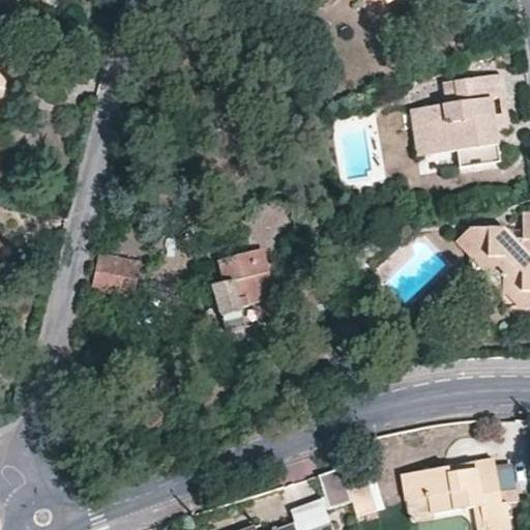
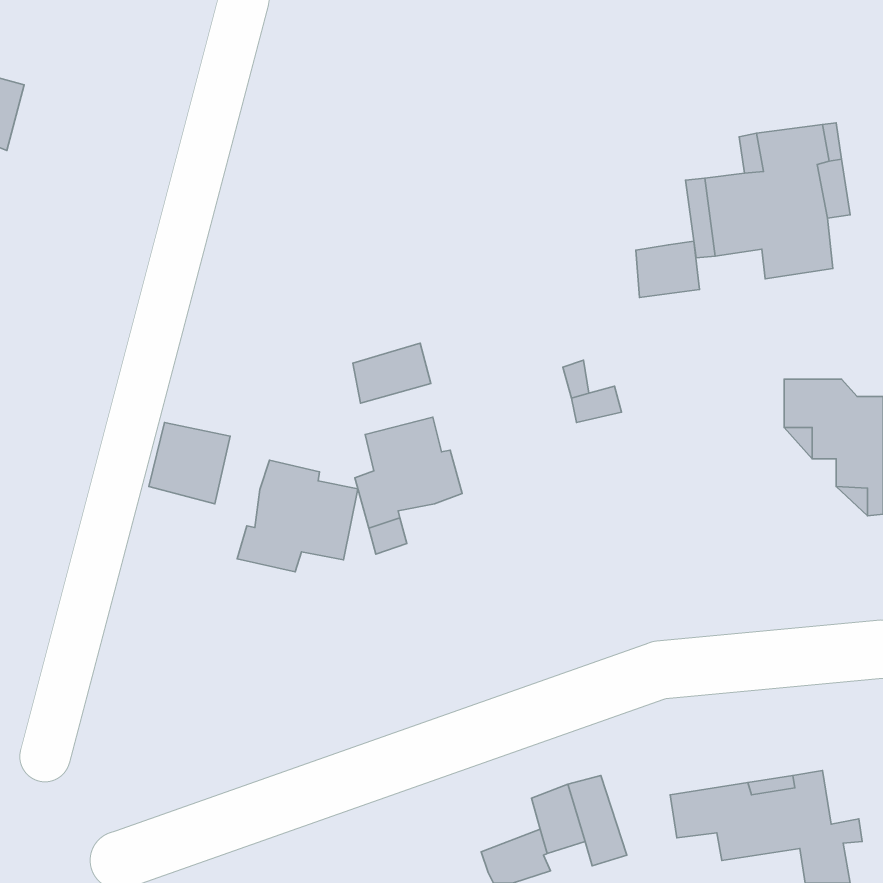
building: none -> [636,241,700,298]
building: none -> [353,343,431,403]
building: none -> [237,460,358,572]

